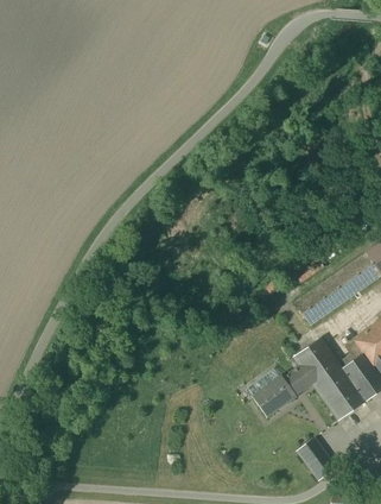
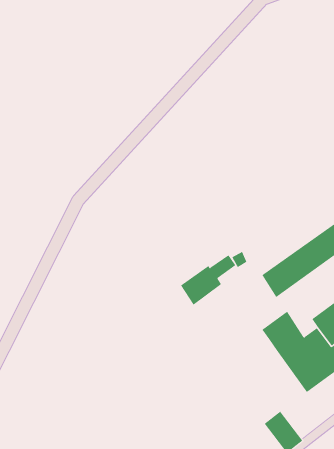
building: [254,366,310,417] -> [180,254,236,306]

